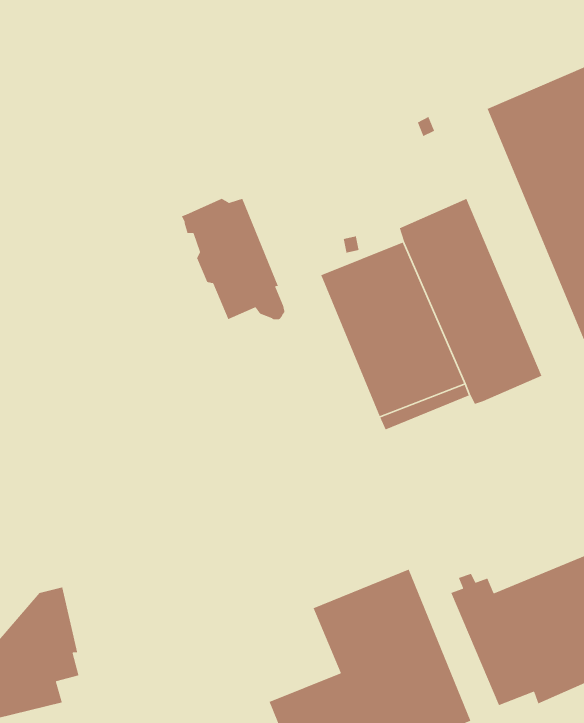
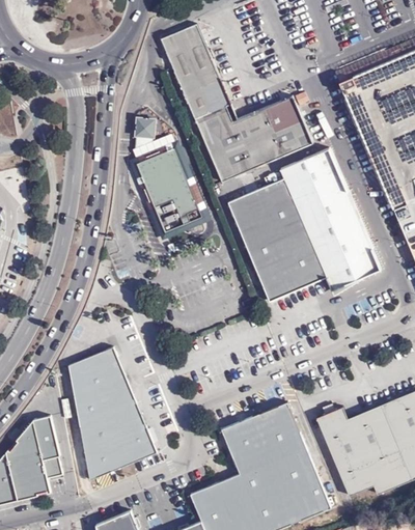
building: none -> [159,23,310,182]
building: none -> [134,116,157,139]
building: none -> [71,346,158,478]

